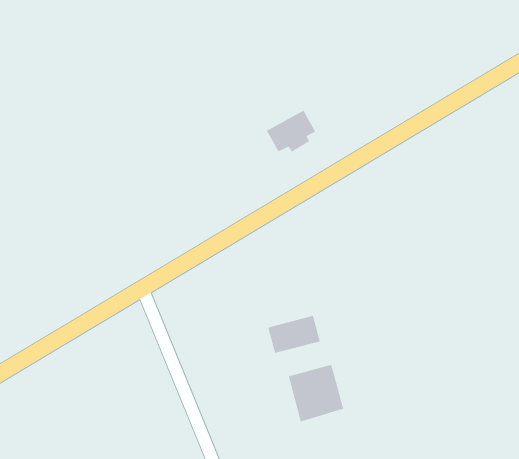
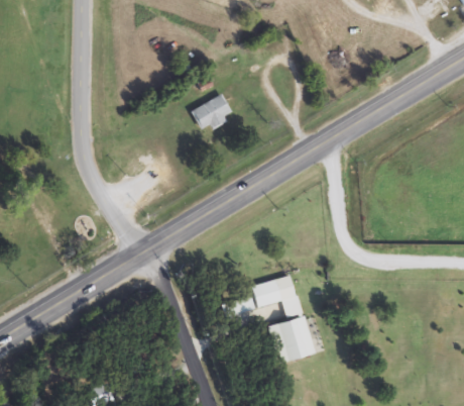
building: [266,110,316,152] -> [191,94,232,129]

